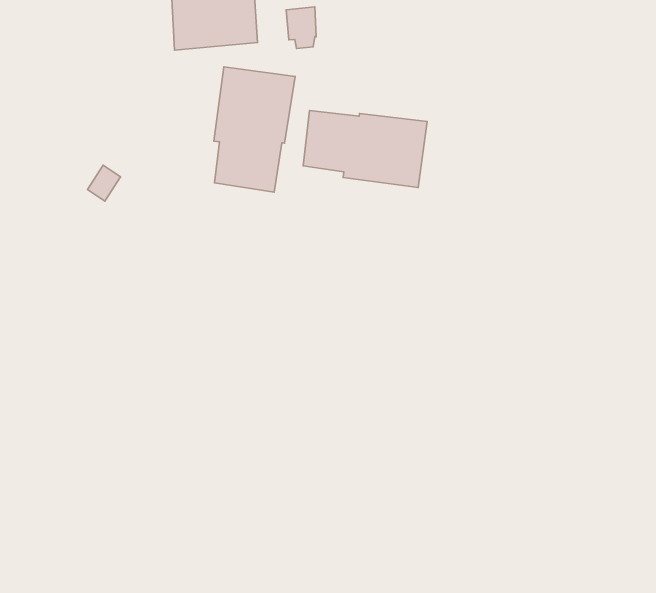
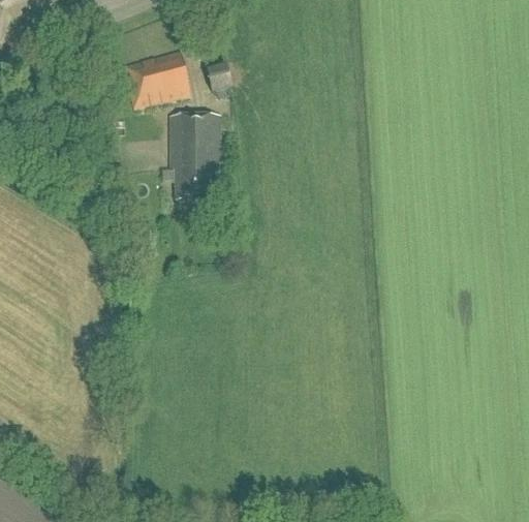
building: [303,110,427,188] -> none

